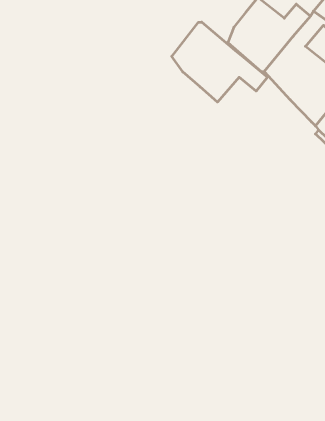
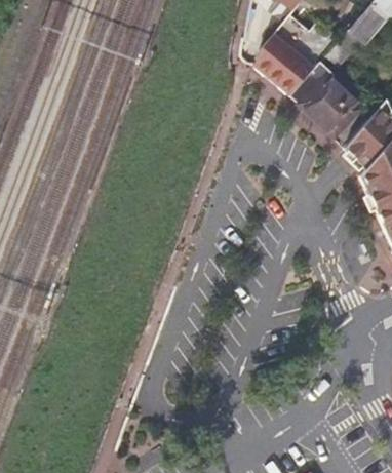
building: [172,22,268,102] -> none

